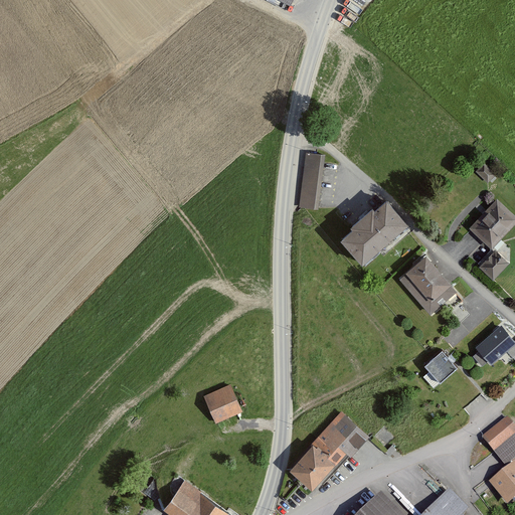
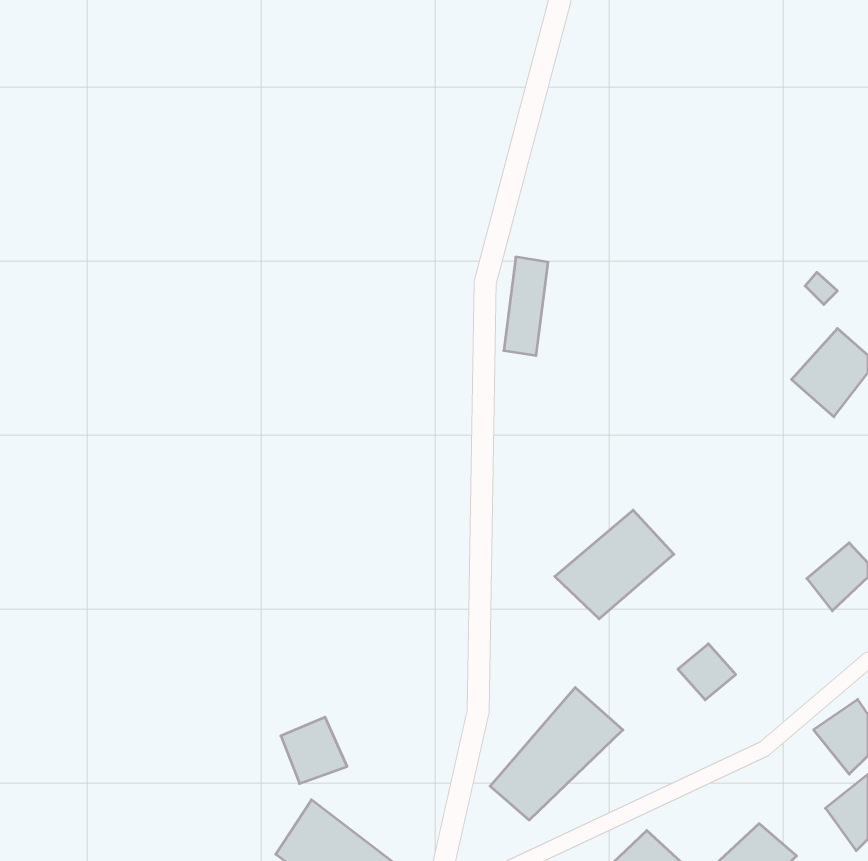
building: [340,200,410,265] -> [555,510,674,619]
building: [478,254,507,282] -> none
building: [399,255,452,308] -> none
building: [424,350,459,383] -> [678,644,736,700]
building: [201,382,240,421] -> [281,717,347,784]

